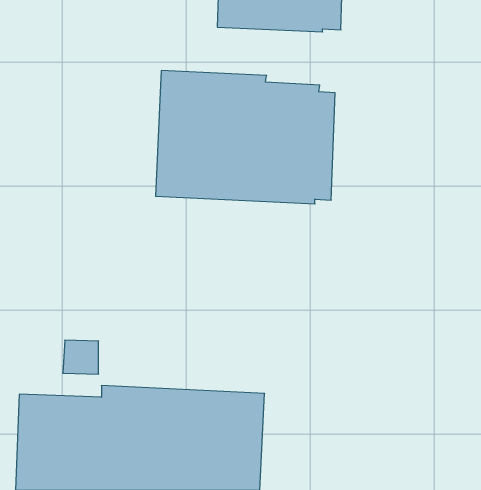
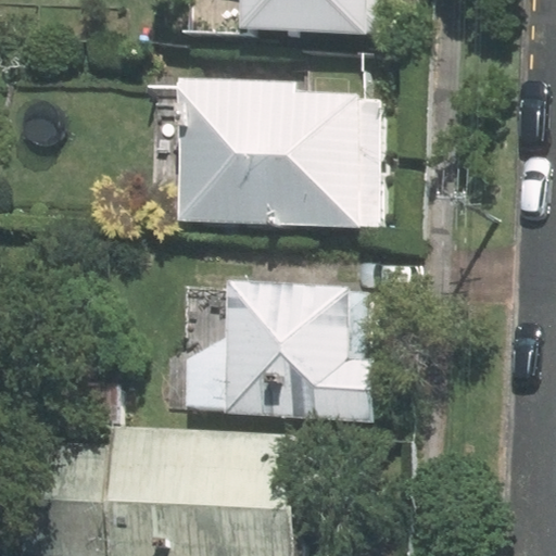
building: none -> [185,282,381,420]

